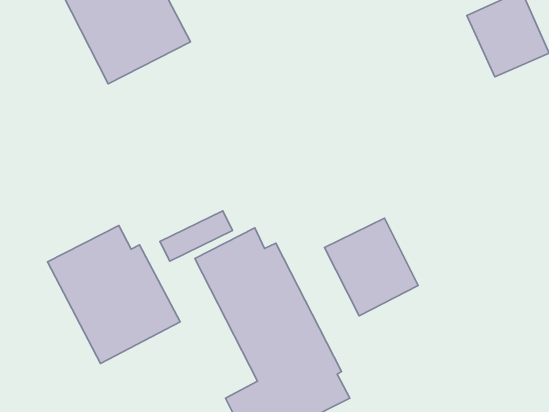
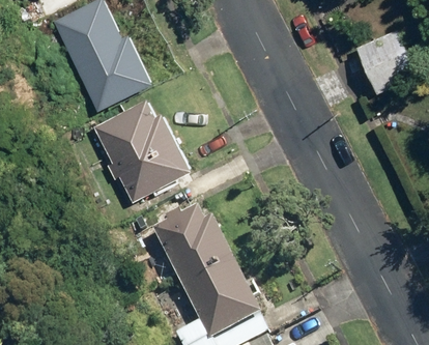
building: [325,218,418,316] -> none
building: [48,225,180,364] -> [92,97,191,200]

